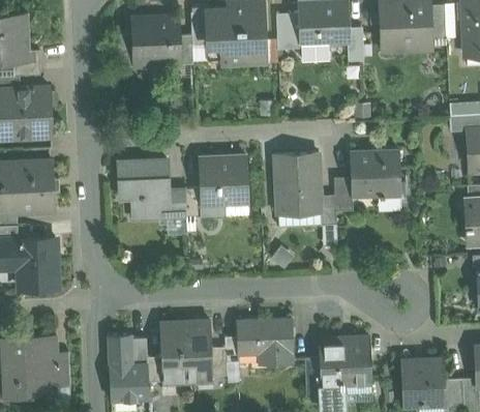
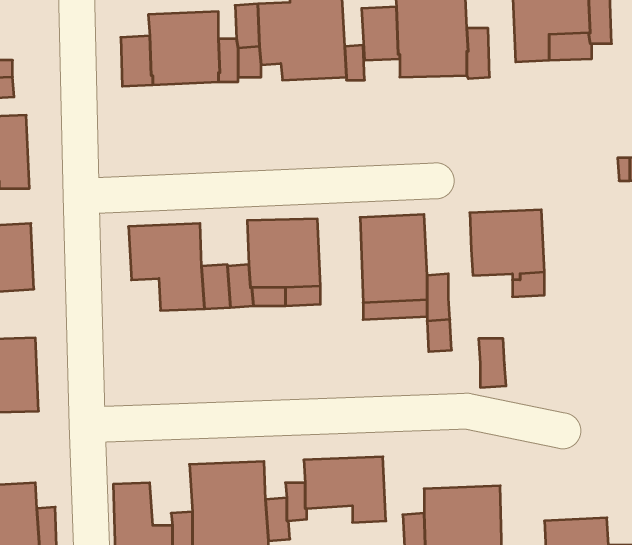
building: [334,177,353,210] -> [479,339,506,387]

